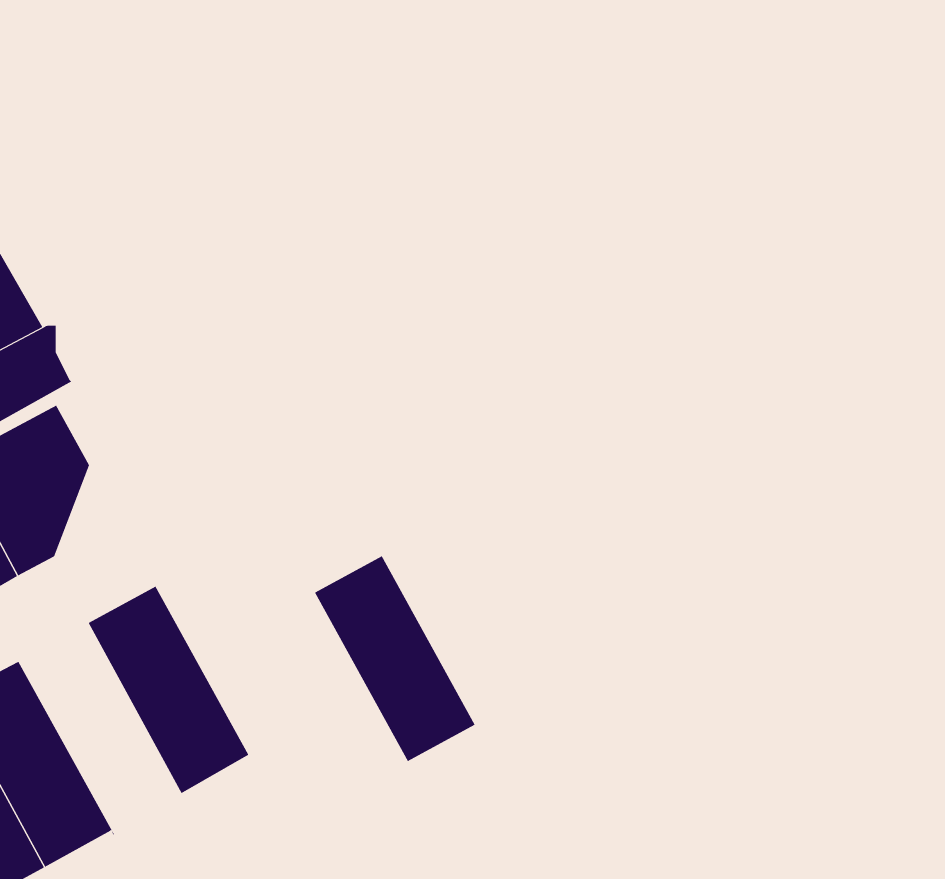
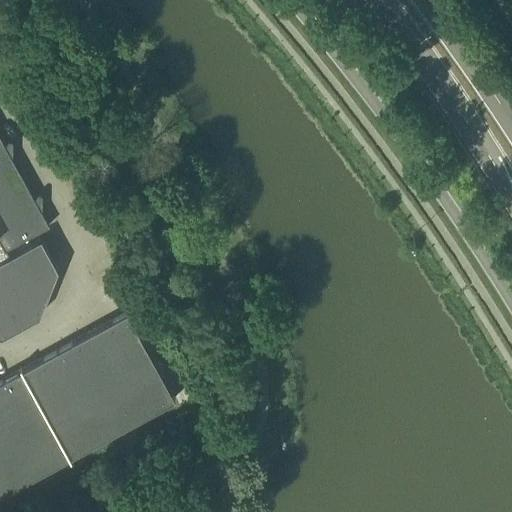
building: [314,556,475,762] -> [92,318,175,424]
building: none -> [20,356,105,465]

